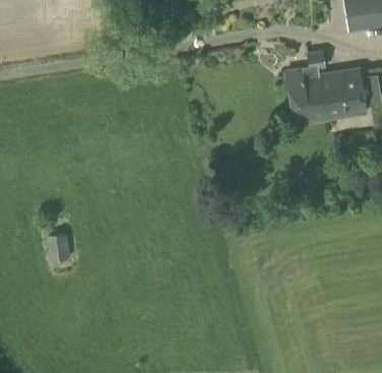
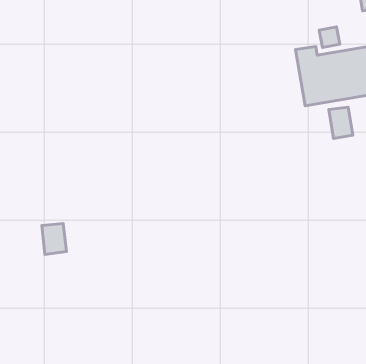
building: none -> [329,107,353,139]

